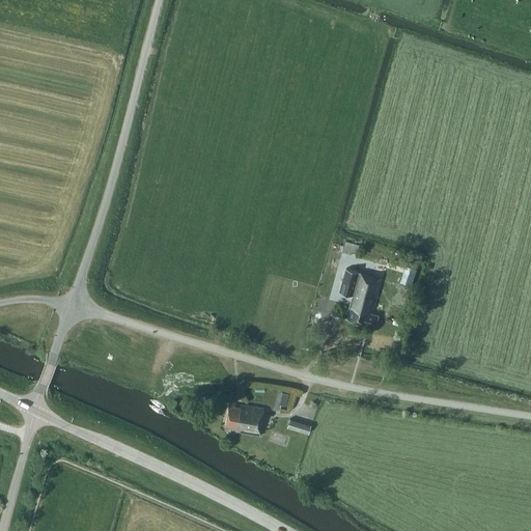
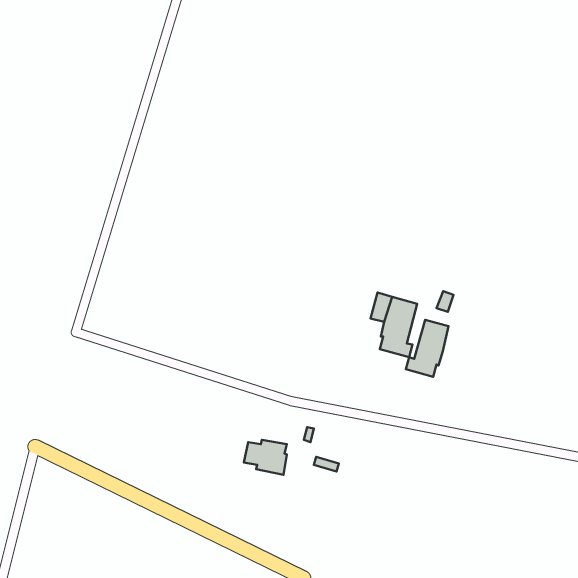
building: none -> [406,320,448,377]

